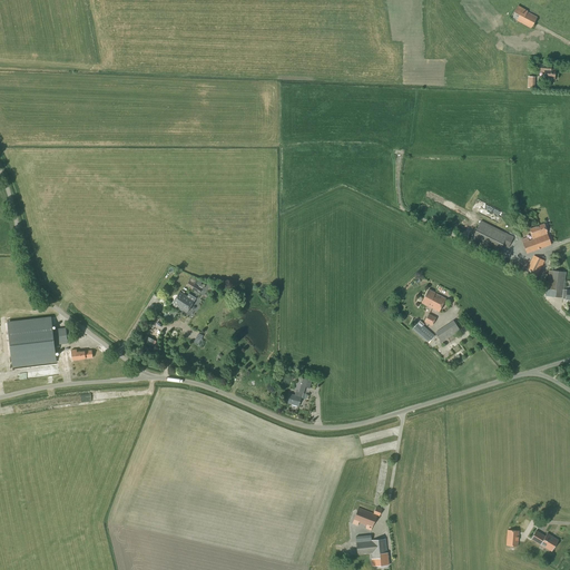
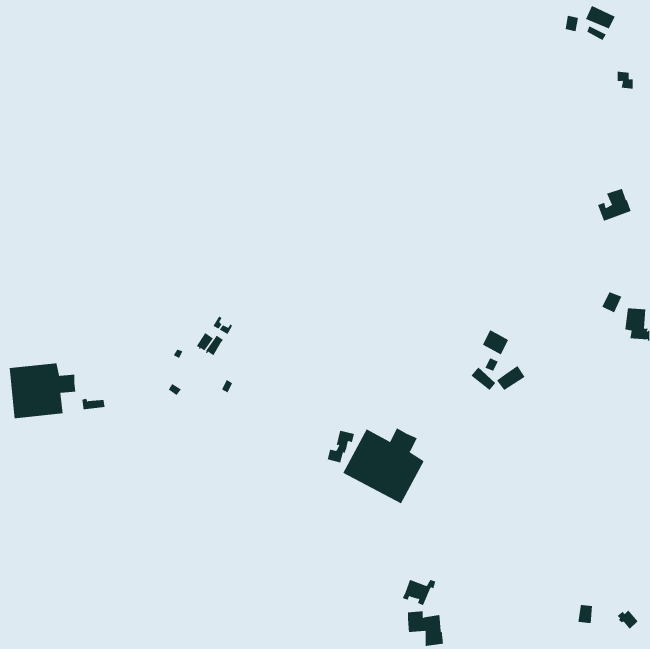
building: [470,219,513,254] -> none
building: [521,224,551,253] -> [597,188,631,221]
building: none -> [343,427,425,504]

